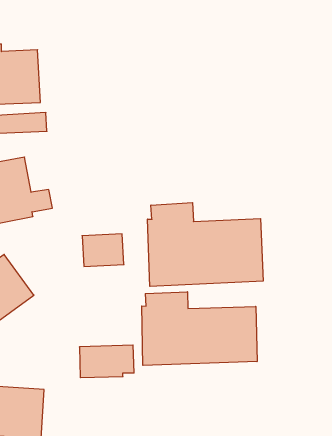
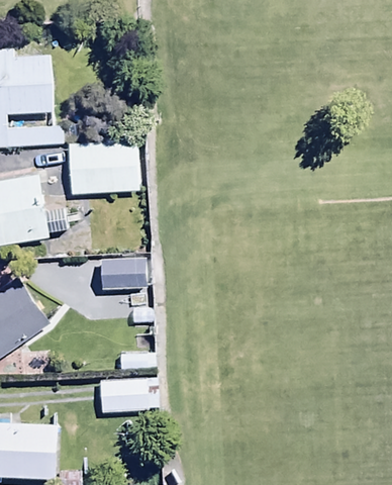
building: none -> [69,138,140,193]
building: [148,203,263,286] -> none
building: [142,292,257,365] -> none

